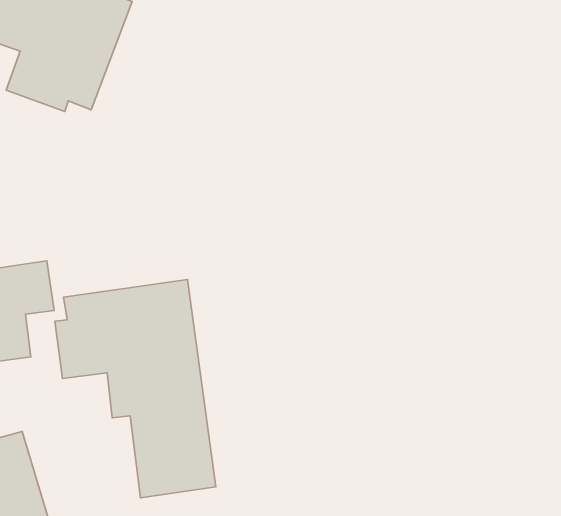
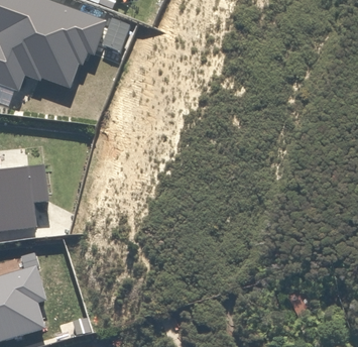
building: [55,279,216,498] -> none

